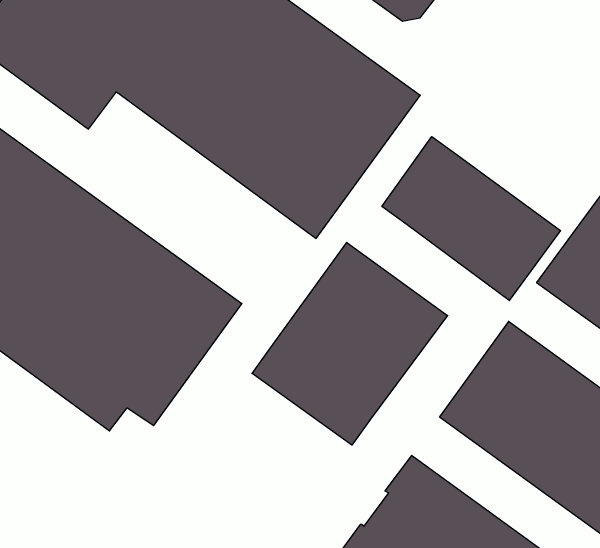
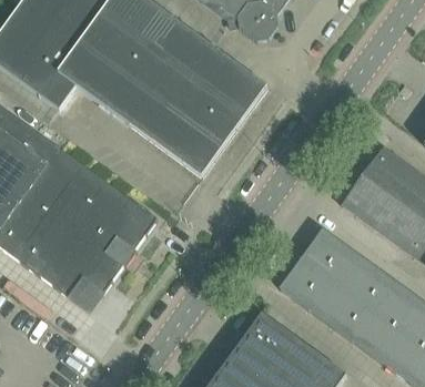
building: [382,137,560,301] -> none
building: [252,242,448,445] -> none

